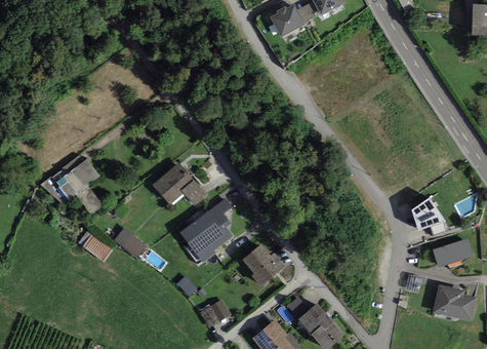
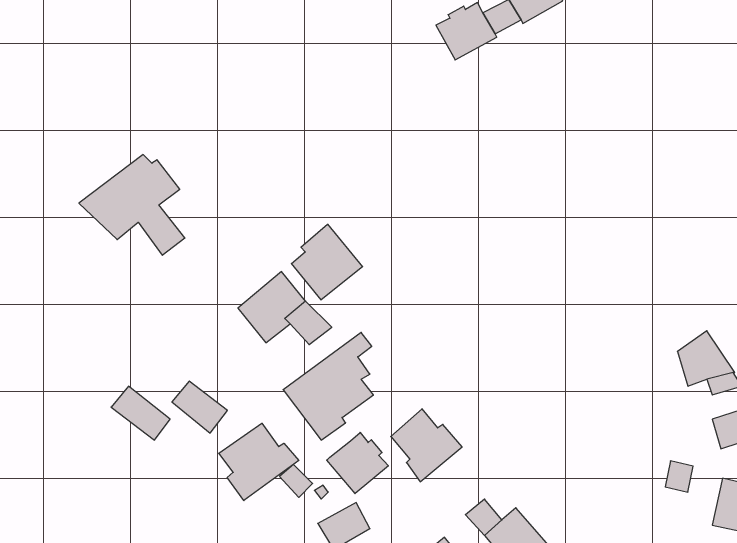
building: none -> [291,224,363,300]
building: [41,155,104,215] -> [79,155,185,255]
building: none -> [219,423,299,501]
building: none -> [327,432,388,494]

